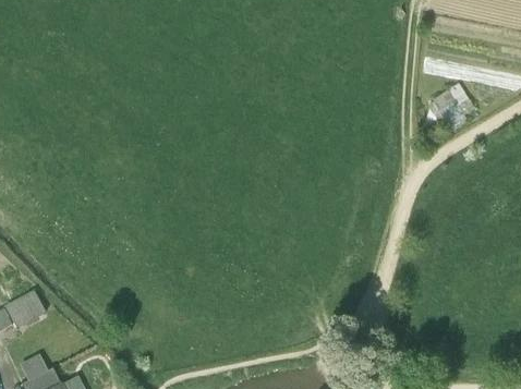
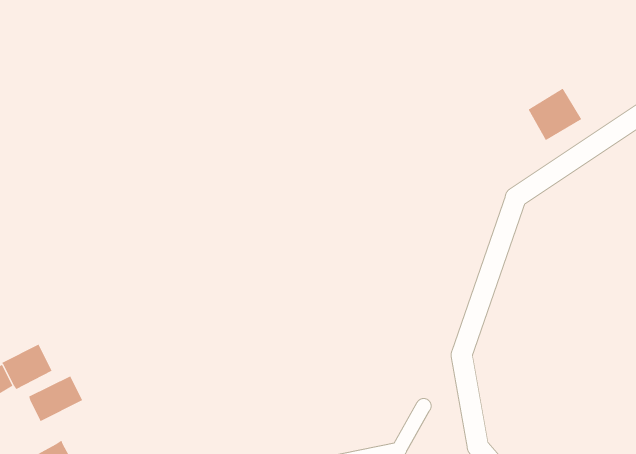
building: none -> [28,376,83,422]

